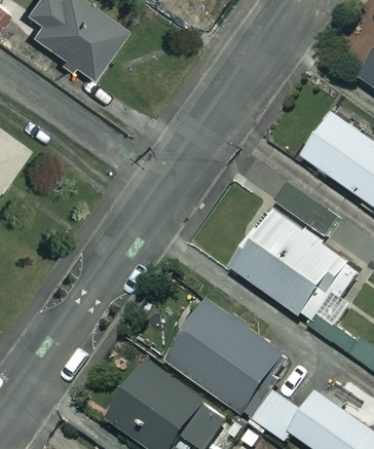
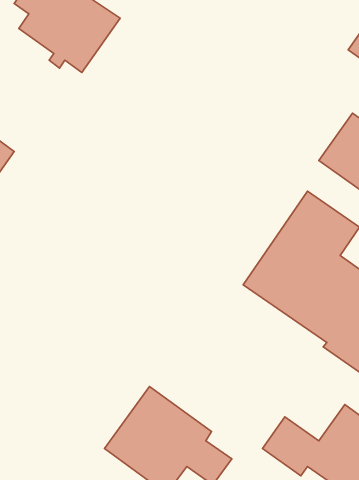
building: [164,299,287,416] -> none

